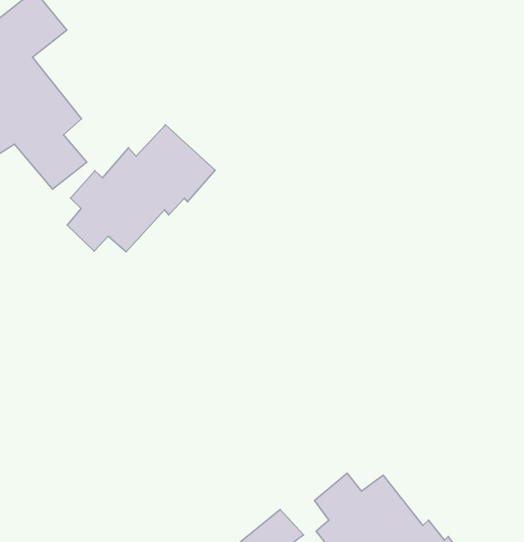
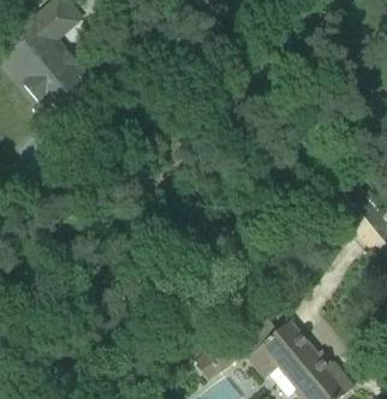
building: [67,125,215,252] -> none

